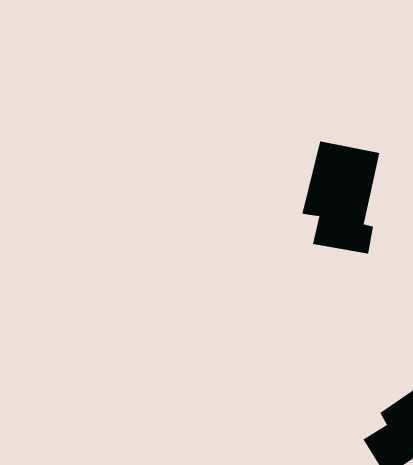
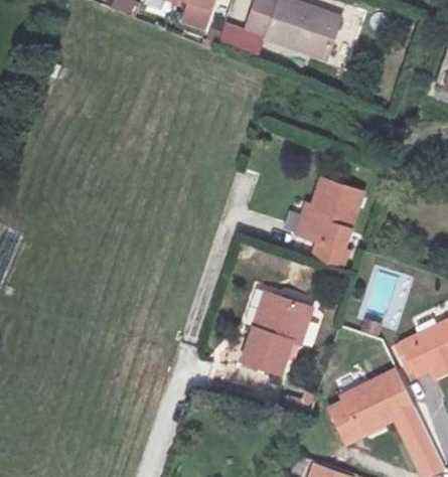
building: none -> [239,287,312,367]

